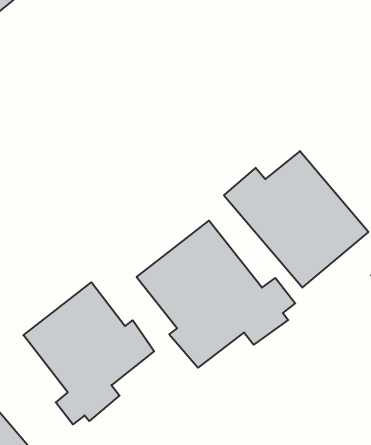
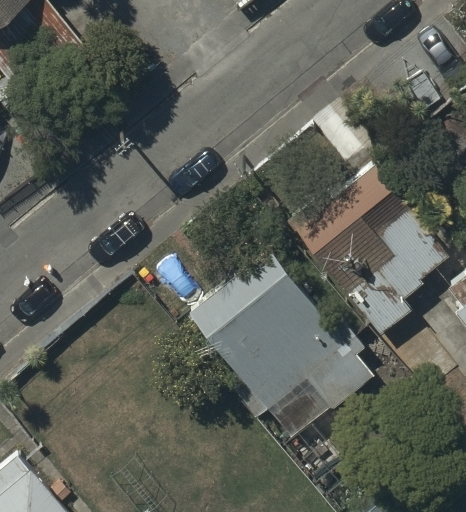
building: [23,282,154,424] -> none

